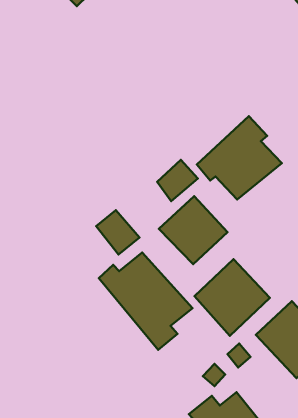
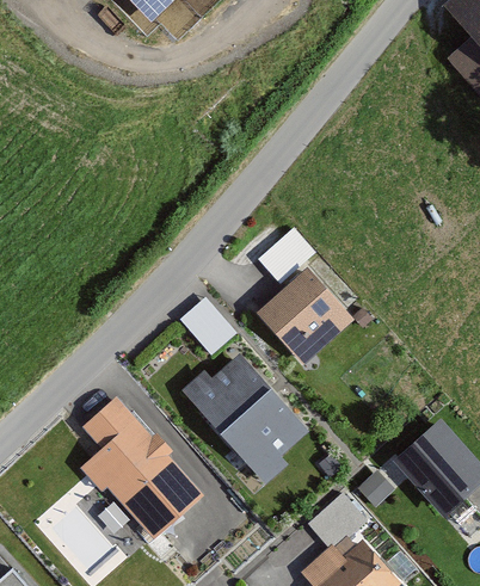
building: [197,116,282,200] -> none
building: [195,259,270,336] -> none
building: none -> [81,401,207,541]

